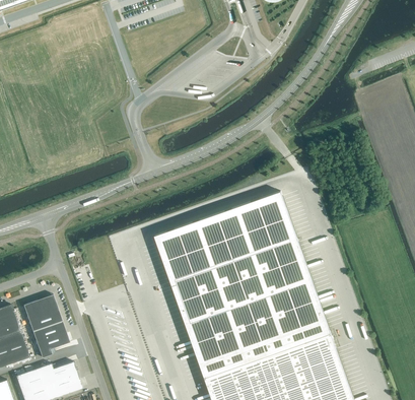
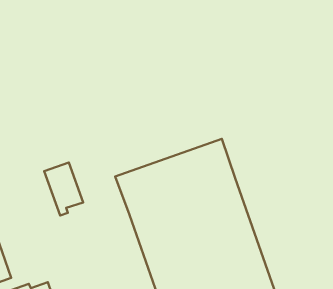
building: [22,294,69,357] -> [44,162,83,215]

